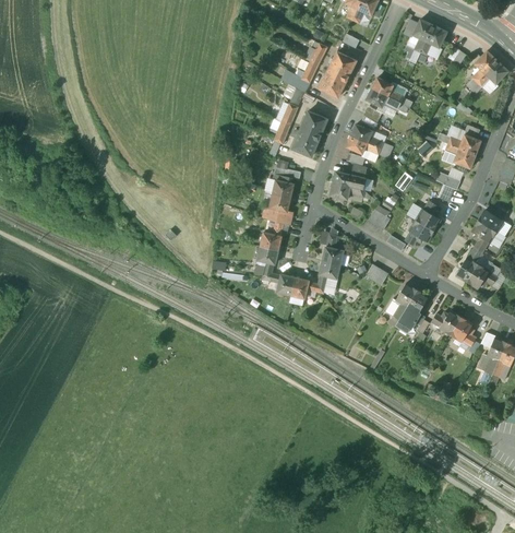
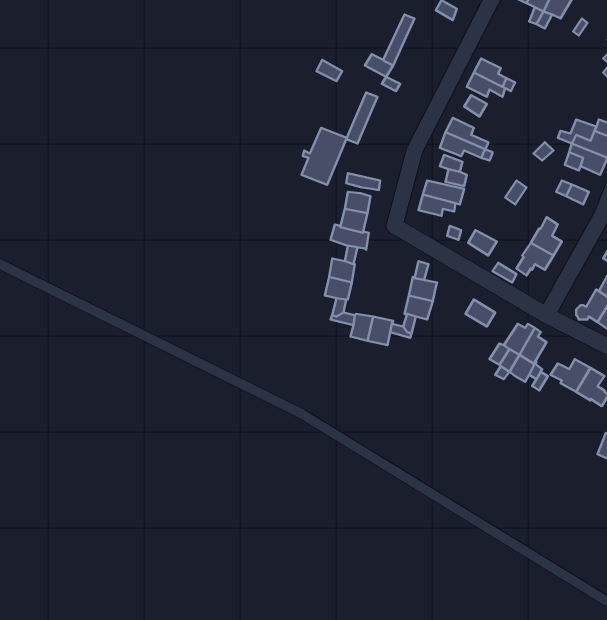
building: [320,52,356,97] -> none
building: [292,112,327,156] -> [301,128,347,185]

